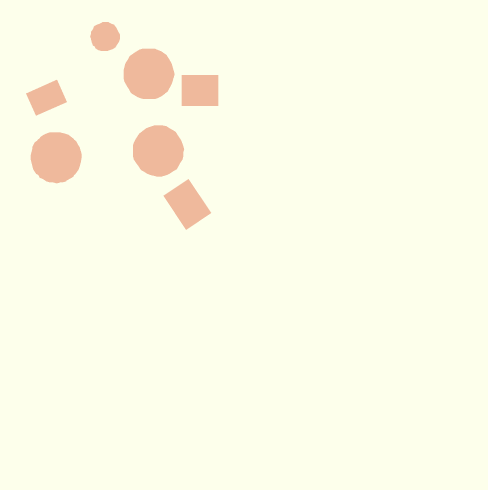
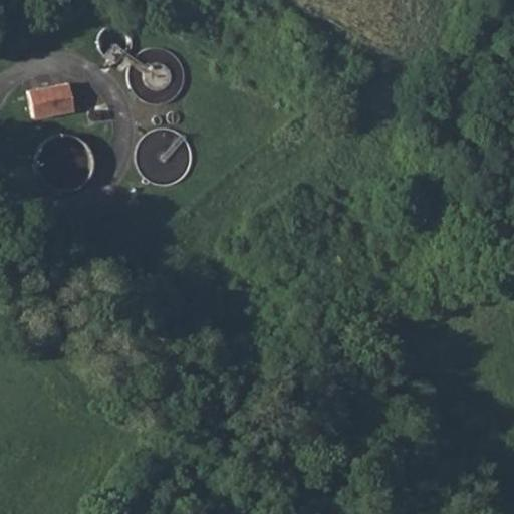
building: [181,74,219,107] -> none
building: [162,178,213,231] -> none

